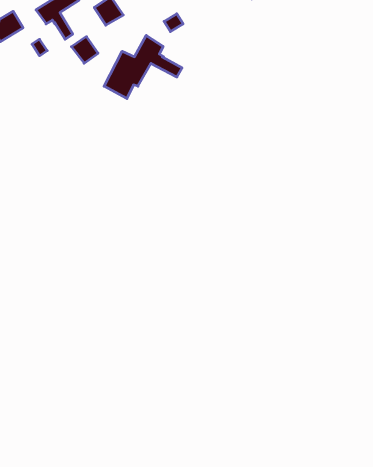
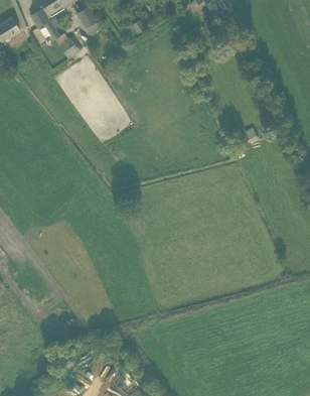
building: [104,35,182,99] -> none

